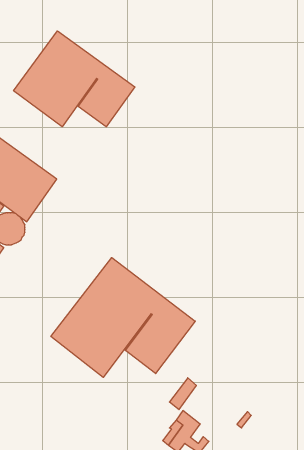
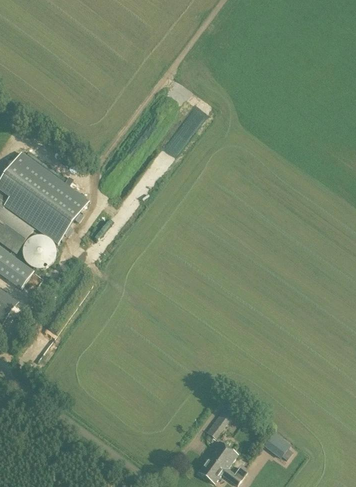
building: [14,31,135,127] -> none
building: [51,258,195,377] -> none

